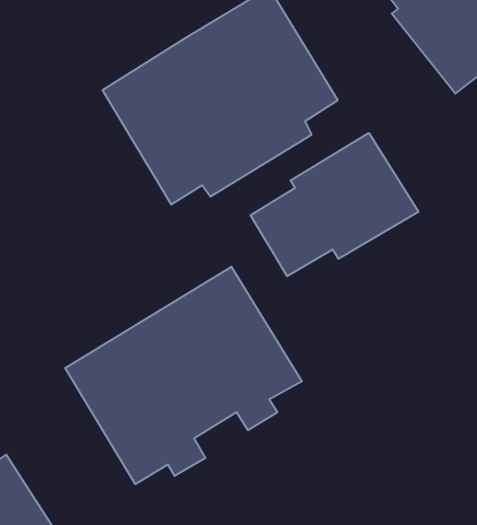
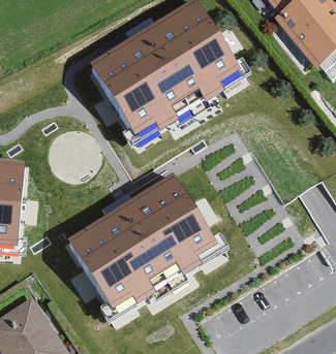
building: [251,133,418,276] -> none

